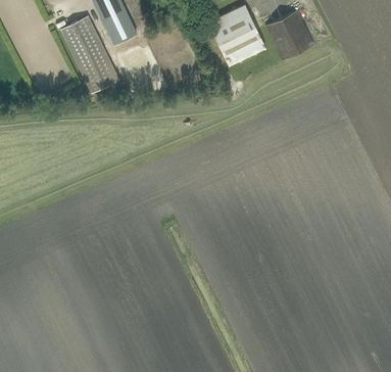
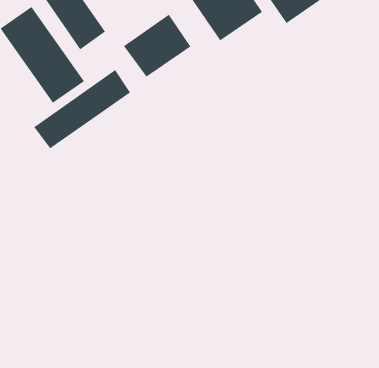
building: none -> [123,14,191,77]
building: none -> [34,69,131,149]

